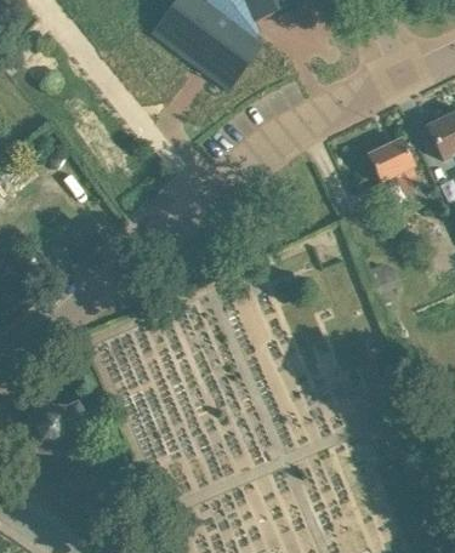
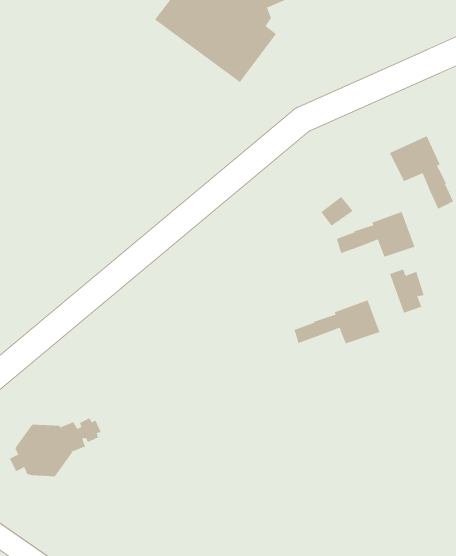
building: none -> [336,211,415,257]
building: none -> [294,300,380,344]

